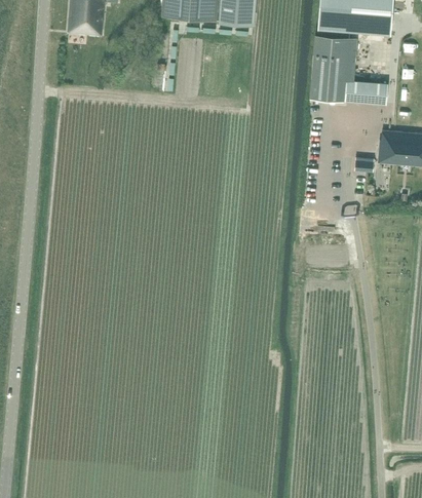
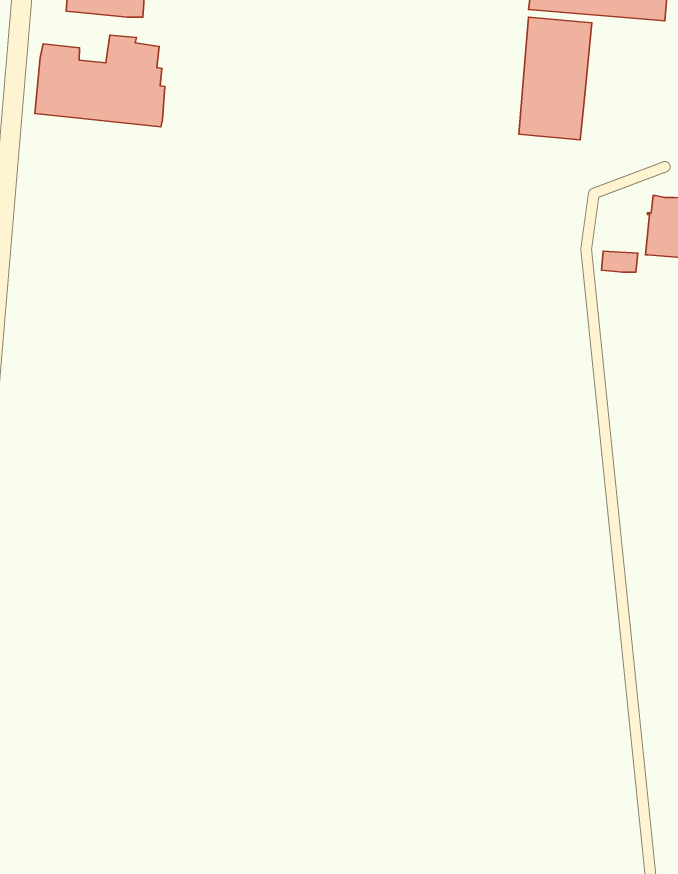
building: none -> [35,35,165,127]
building: [344,79,388,103] -> none

